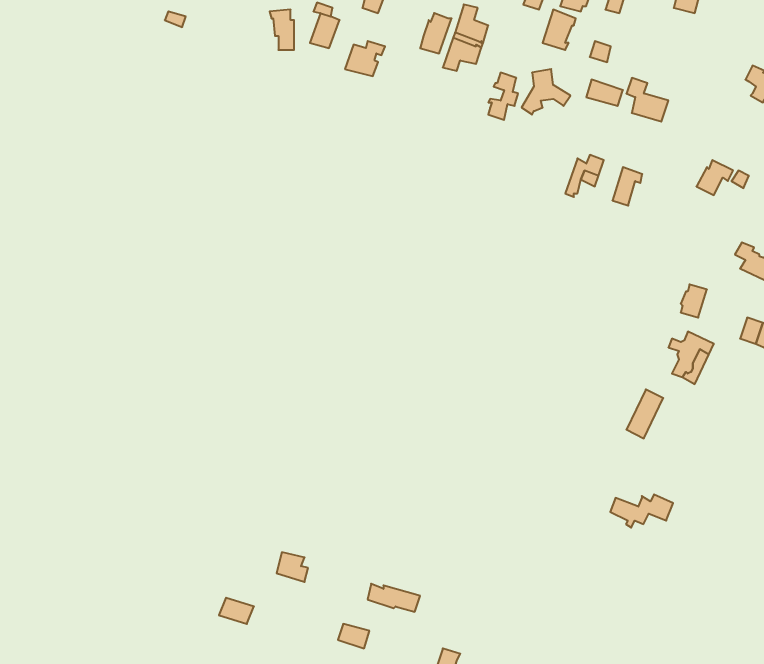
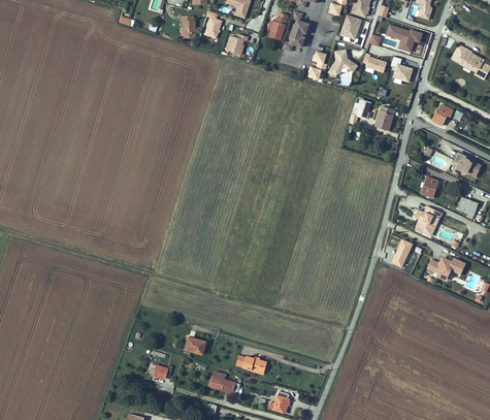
building: none -> [387,25,424,51]
building: [610,494,673,528] -> [427,258,464,278]

